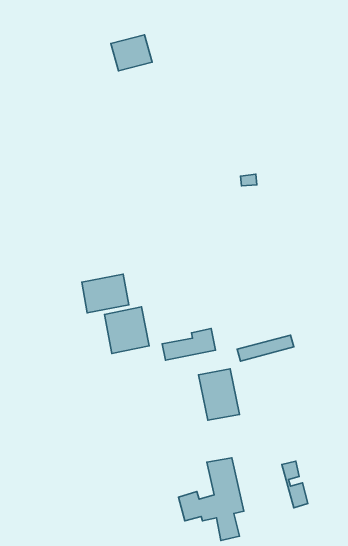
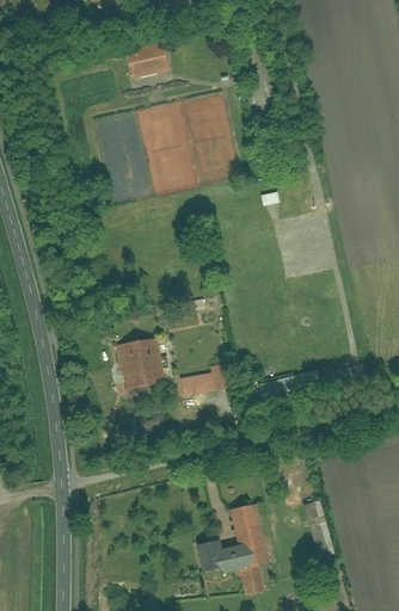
building: [82,274,129,313] -> none
building: [199,369,239,420] -> none

